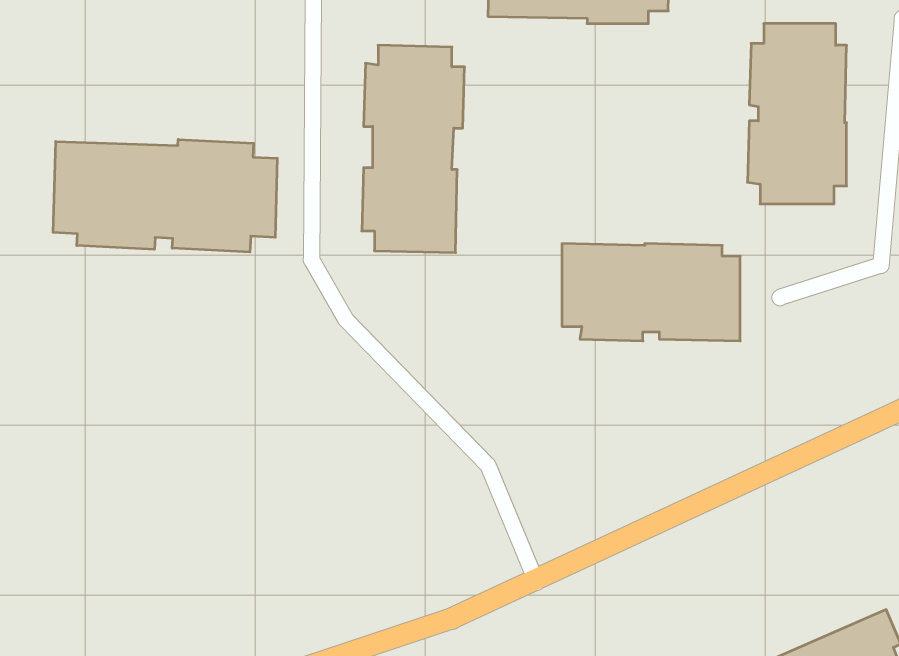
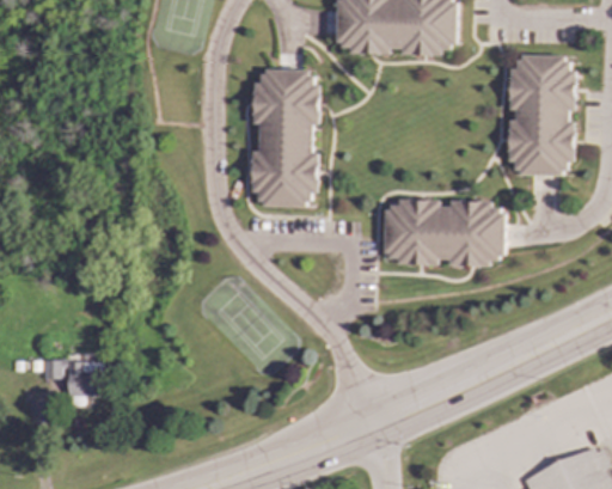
building: [53,139,277,252] -> none
building: none -> [41,360,99,396]

